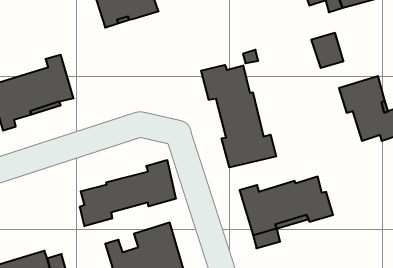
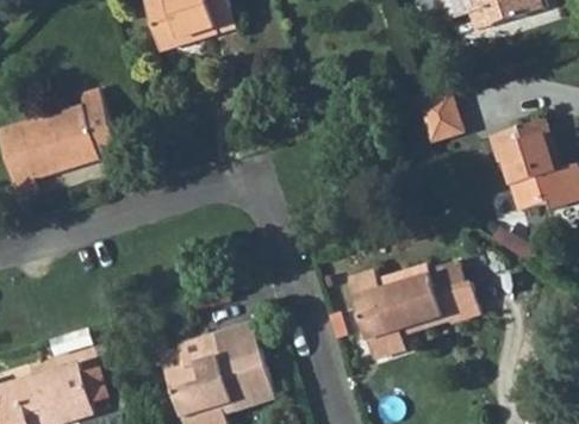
building: [311,33,344,68] -> [415,92,460,141]
building: [201,65,276,167] -> none
building: [80,160,176,226] -> none

